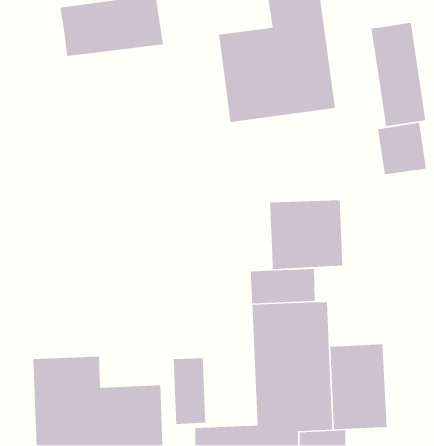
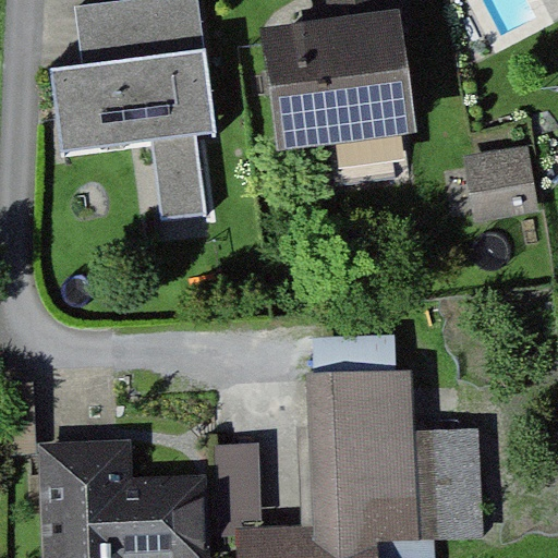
building: [370,22,426,127] -> none
building: none -> [52,56,215,220]
building: [269,199,343,270] -> none

